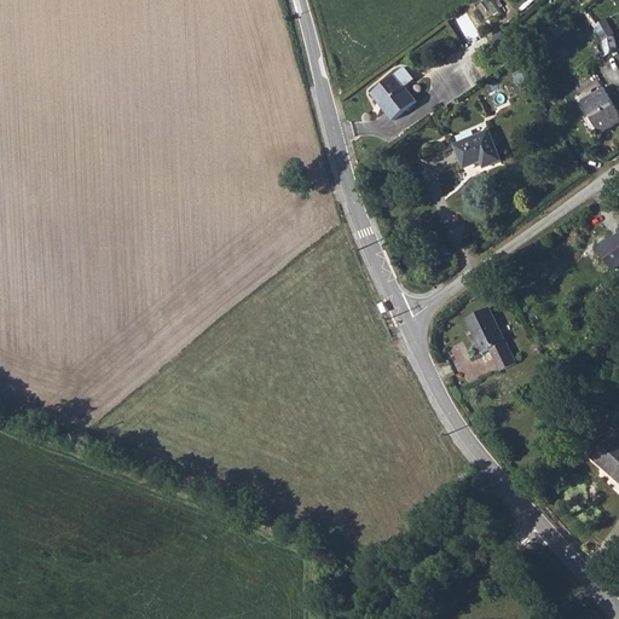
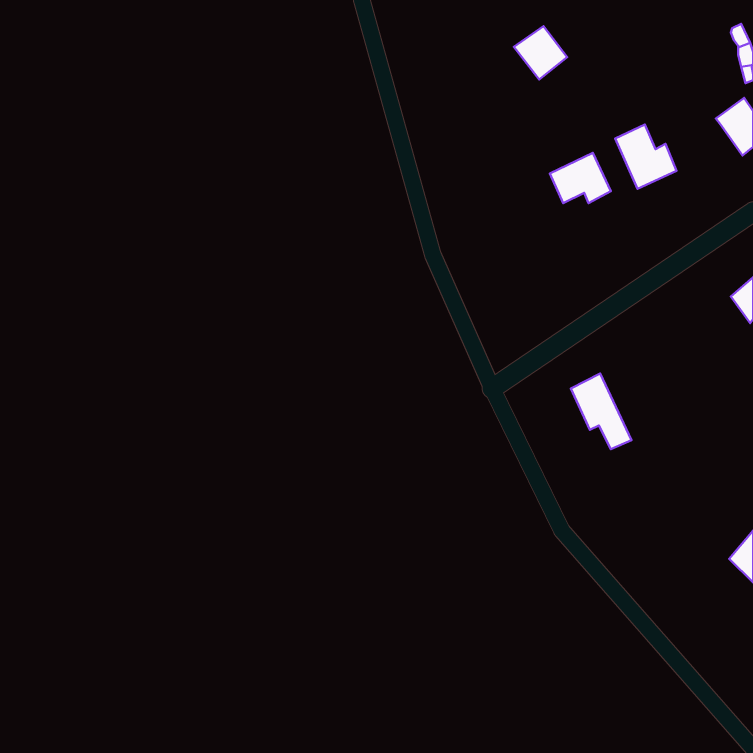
building: [370,74,413,117] -> [514,26,567,79]
building: none -> [615,124,676,189]

